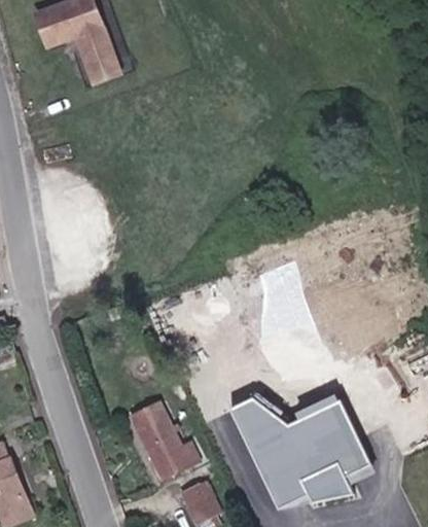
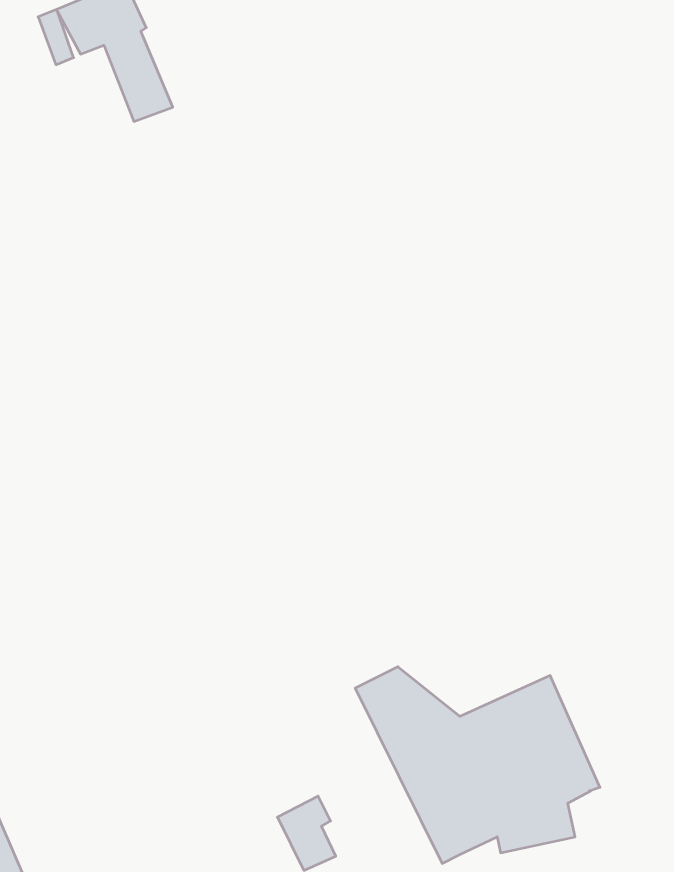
building: [132,402,201,473] -> none

